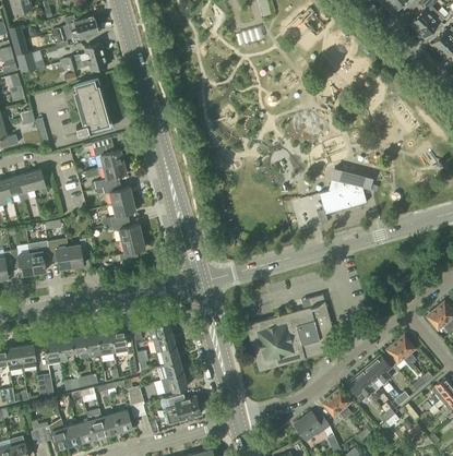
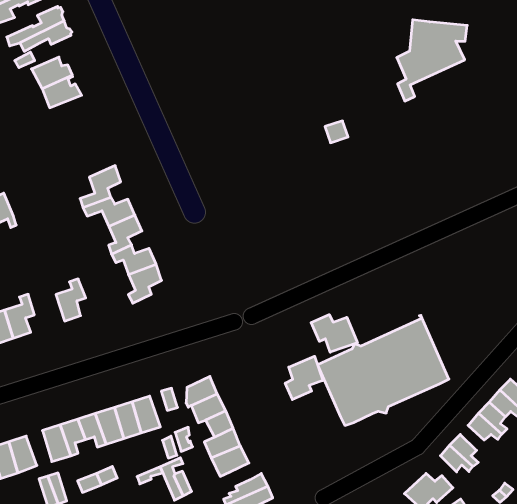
building: [76,108,115,137] -> none
building: [92,136,127,168] -> none
building: [318,168,373,225] -> [397,20,467,101]
building: [49,240,72,268] -> none
building: none -> [311,315,357,352]
building: none -> [285,356,323,400]

